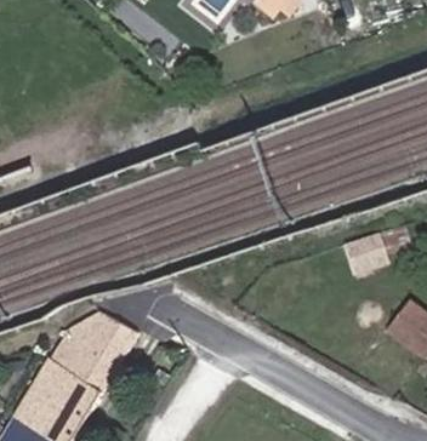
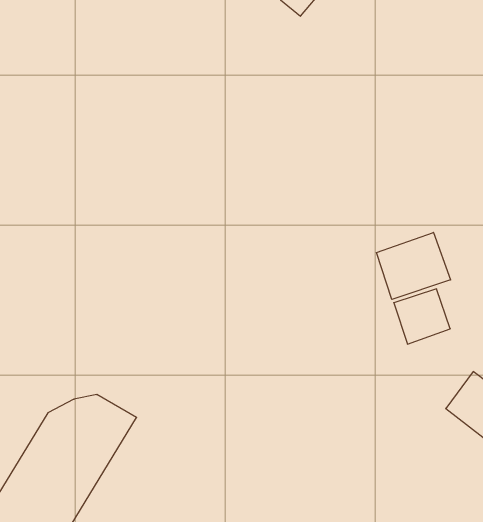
building: none -> [376,232,451,299]

